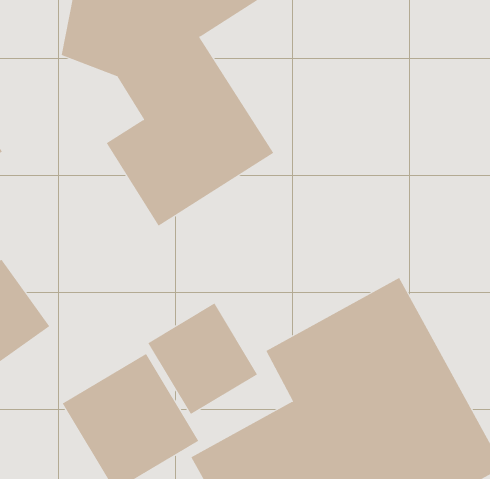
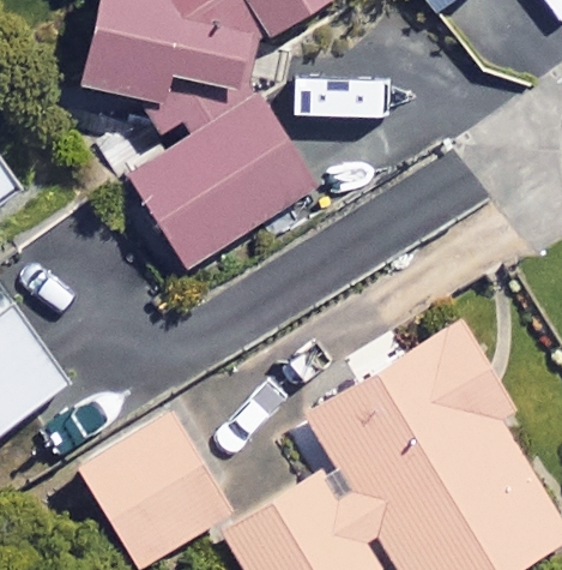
building: [148,303,258,415] -> none

